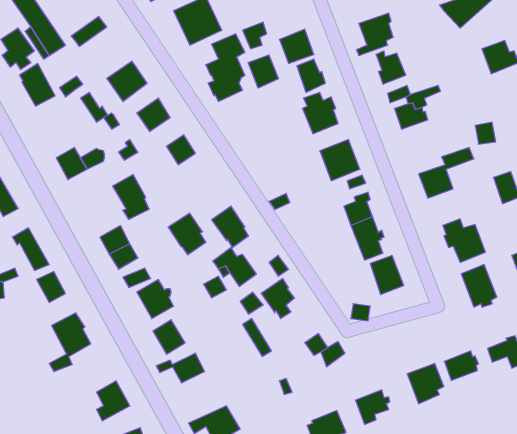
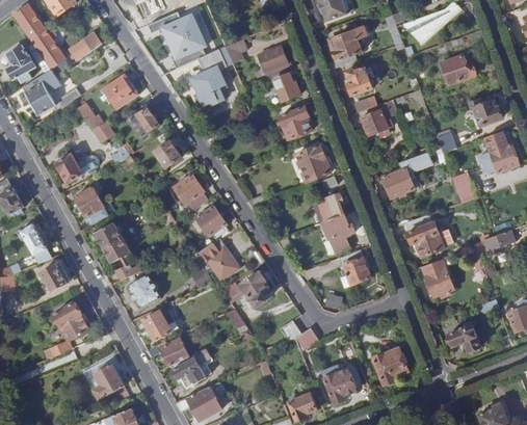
building: [248,55,279,88] -> none
building: [112,175,149,219] -> [74,185,107,225]
building: [168,213,206,255] -> [174,174,208,211]
building: [444,351,479,381] -> none
building: none -> [172,347,211,387]

